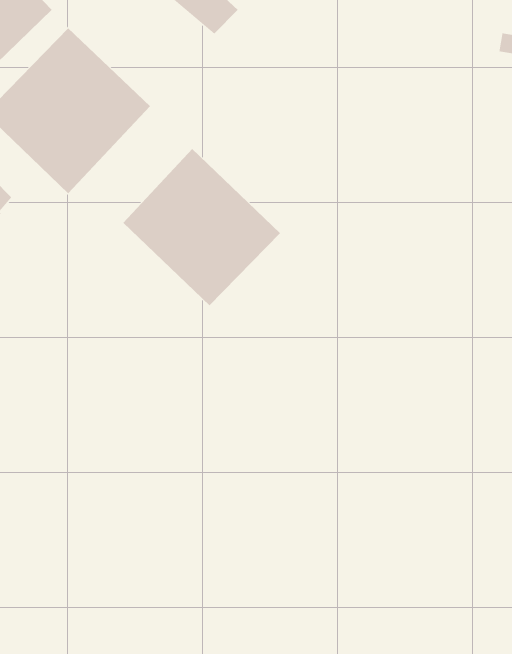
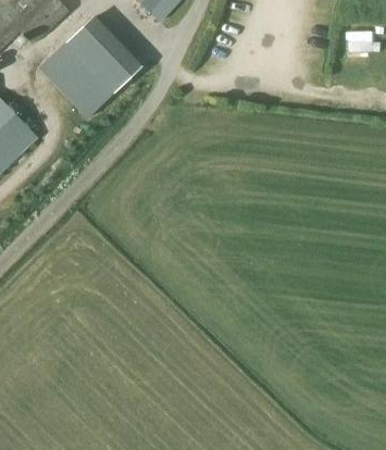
building: [123,148,281,306] -> none

